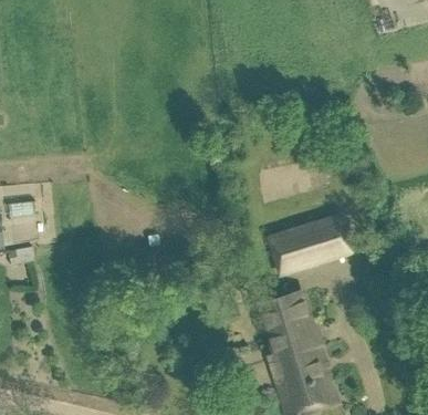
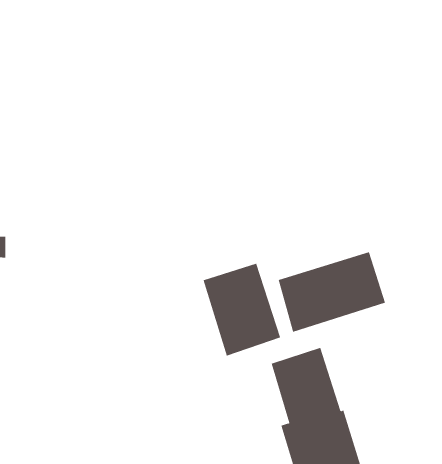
building: none -> [203,263,281,356]

